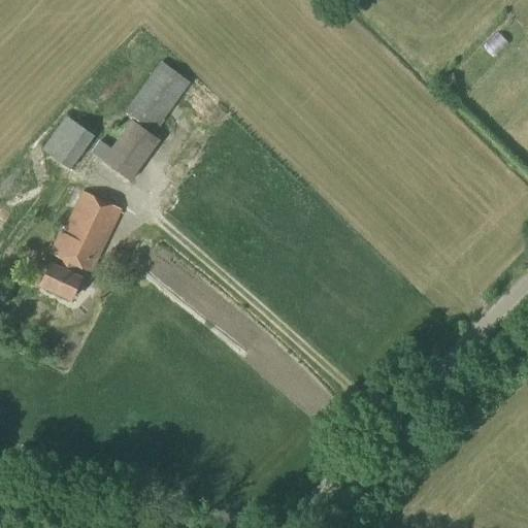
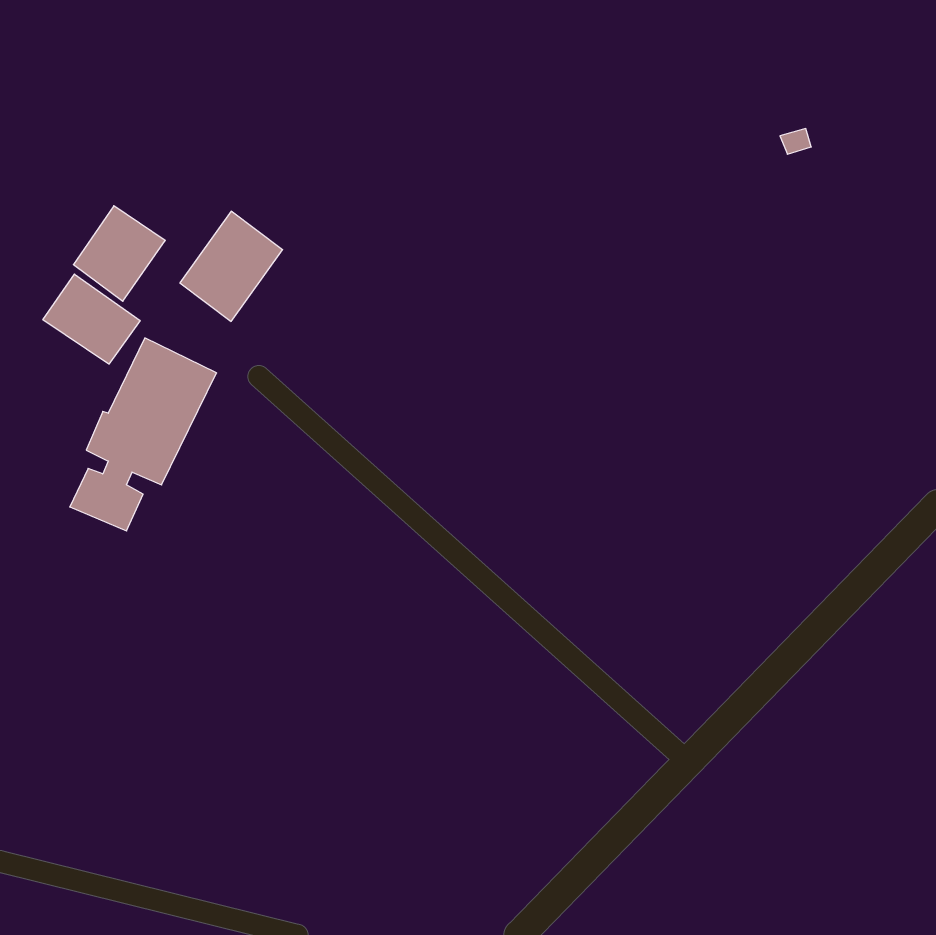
building: [124,61,191,133] -> none
building: none -> [43,274,140,364]

